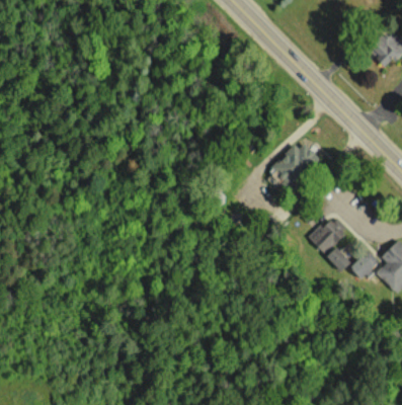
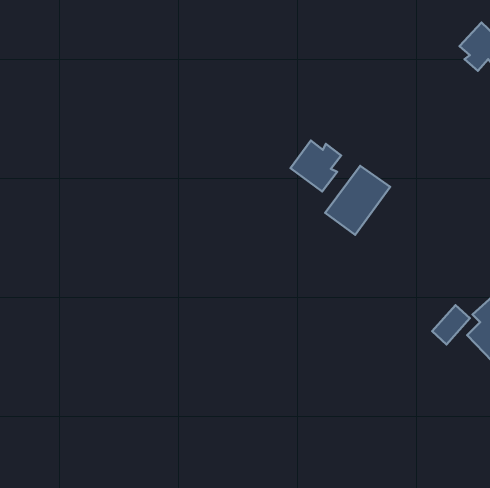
building: none -> [290,141,341,192]
building: [310,216,351,272] -> none

